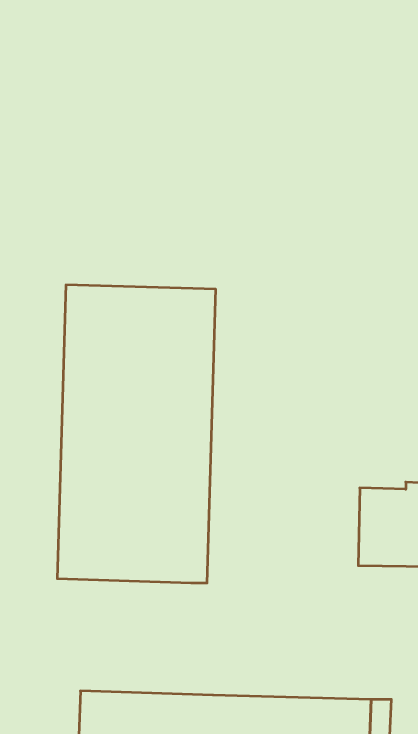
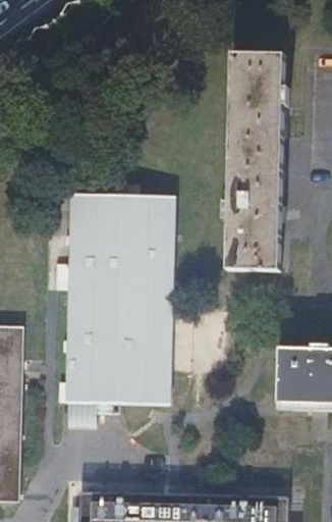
building: none -> [221,49,289,269]

